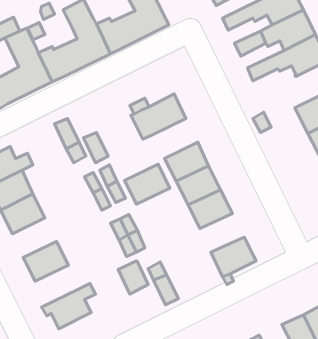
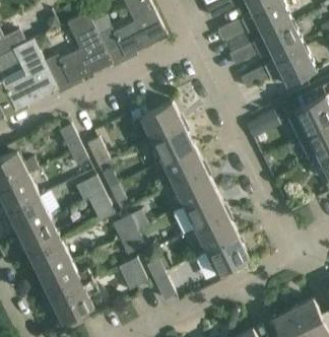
building: [125,164,170,204] -> [151,125,194,162]
building: none -> [196,214,238,251]
building: none -> [19,218,61,256]
building: none -> [41,263,92,302]

